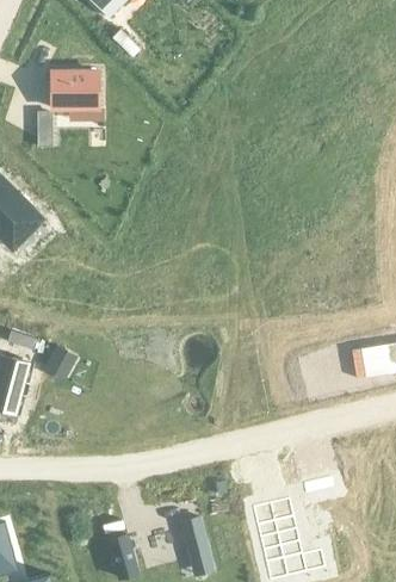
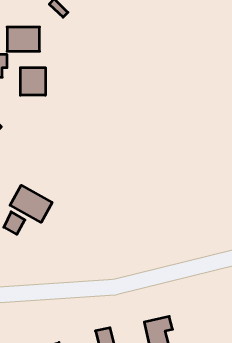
building: none -> [20,68,45,95]
building: none -> [10,185,52,222]

